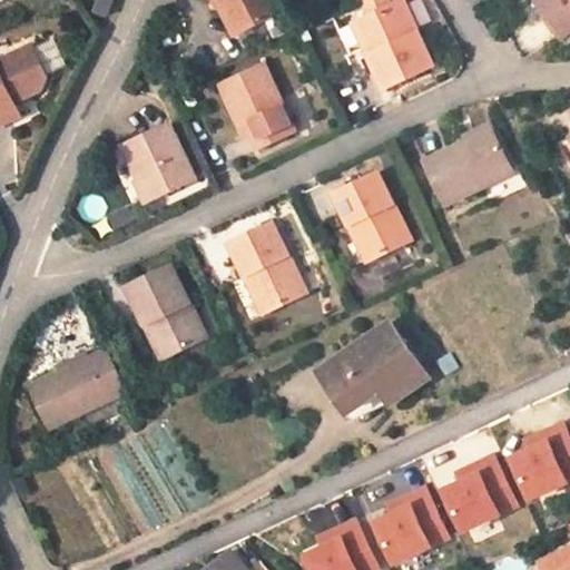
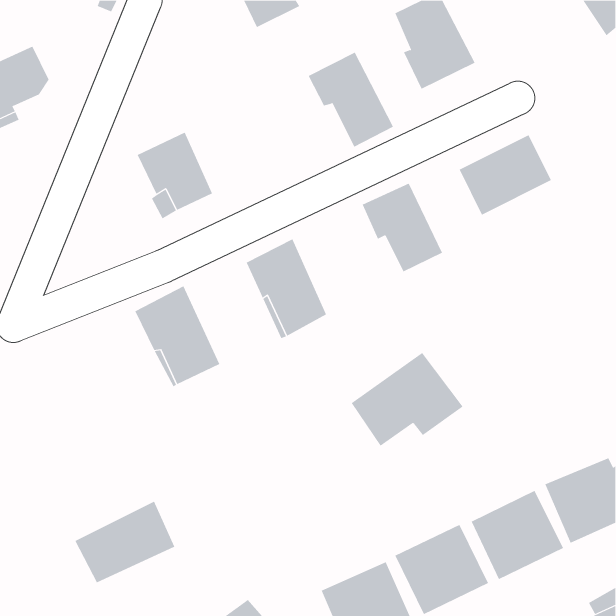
building: [220,61,299,149] -> [308,52,394,147]
building: [28,352,120,428] -> [75,501,175,583]

